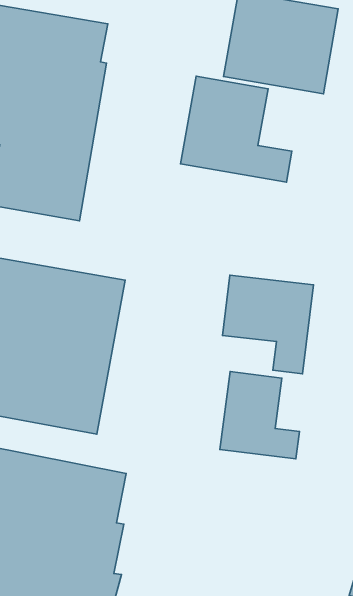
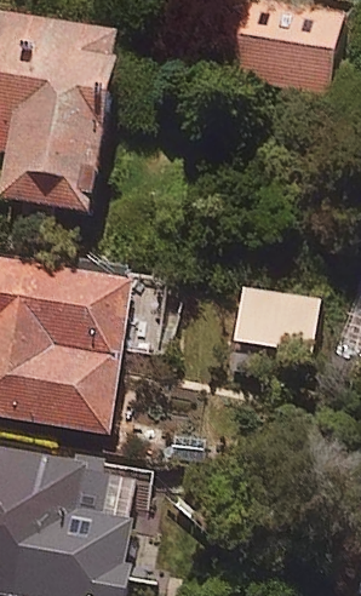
building: [180,76,292,182] -> none
building: [220,372,299,459] -> none

